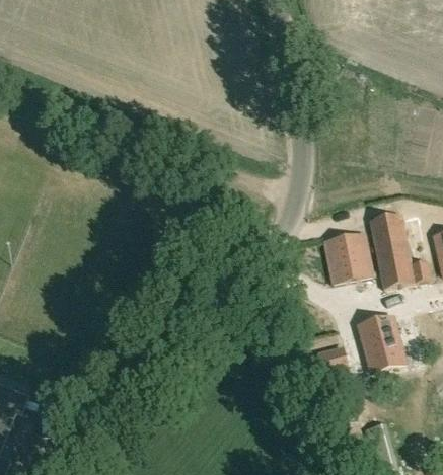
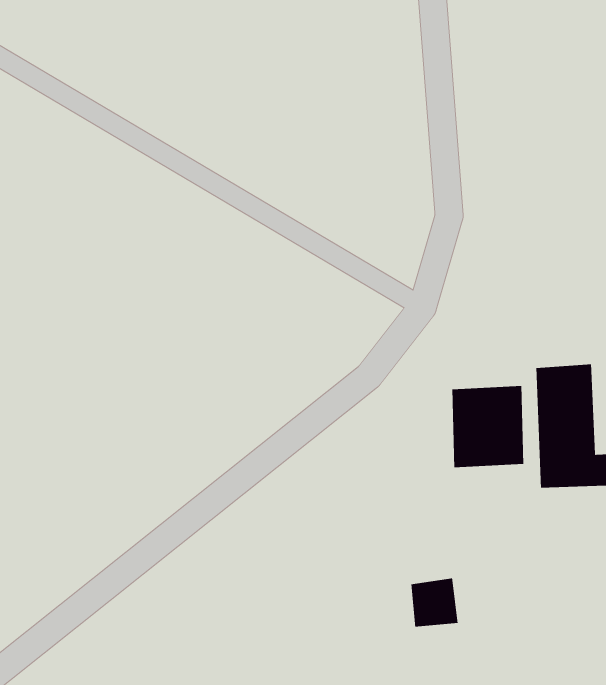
building: [360,316,404,372] -> none

